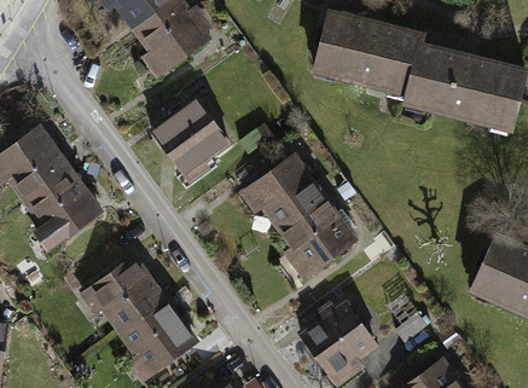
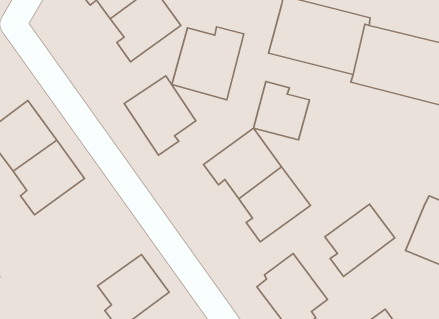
building: none -> [172,27,244,100]
building: none -> [254,82,310,140]
building: none -> [325,204,395,276]
building: [79,253,168,332] -> none

